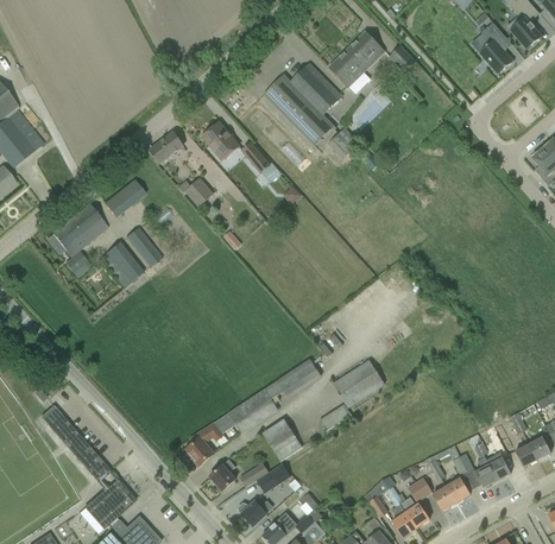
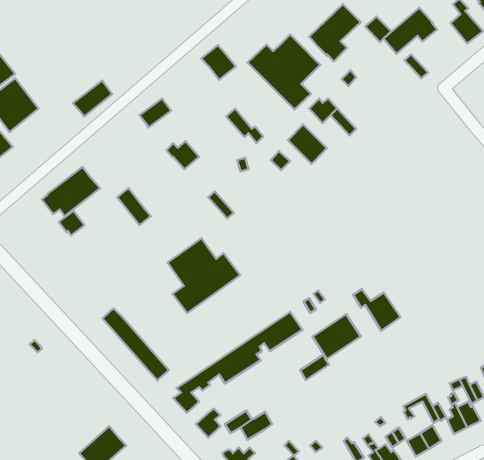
building: none -> [384,8,437,54]
building: [202,121,239,158] -> [201,45,236,80]
building: none -> [288,125,327,164]
building: [103,178,145,216] -> [73,81,112,117]
building: [100,241,143,286] -> none
building: none -> [167,238,240,313]
building: none -> [353,289,400,331]
building: [40,404,111,480] -> [102,308,169,380]
building: [261,418,302,460] -> none

